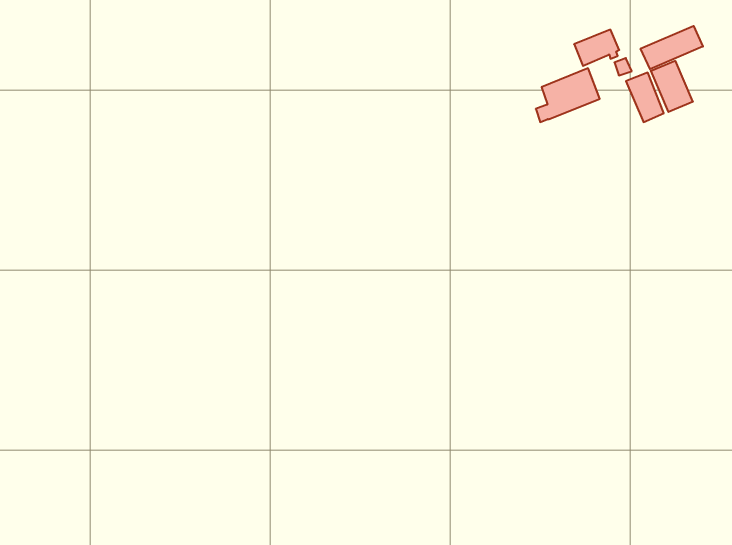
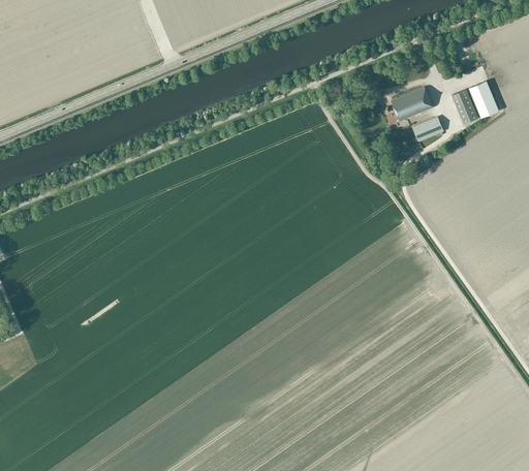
building: [641,26,703,69] -> none
building: [574,30,619,66] -> [411,116,443,142]

